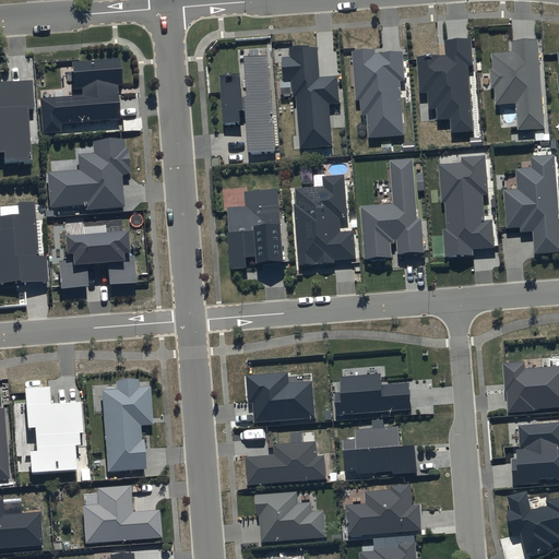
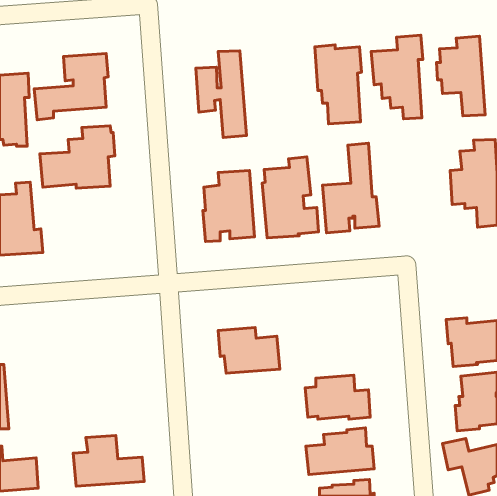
building: [282,47,340,150] -> none
building: [439,157,495,259] -> none
building: [57,227,135,292] -> none
building: [333,368,411,412] -> none
building: [102,381,153,474] -> none
building: [24,390,83,477] -> none
building: [243,436,325,480] -> none
building: [253,486,324,538] -> none

